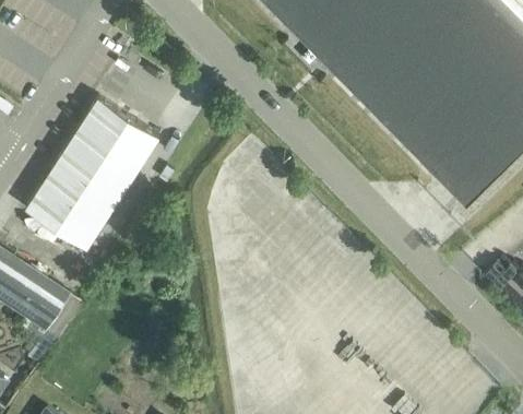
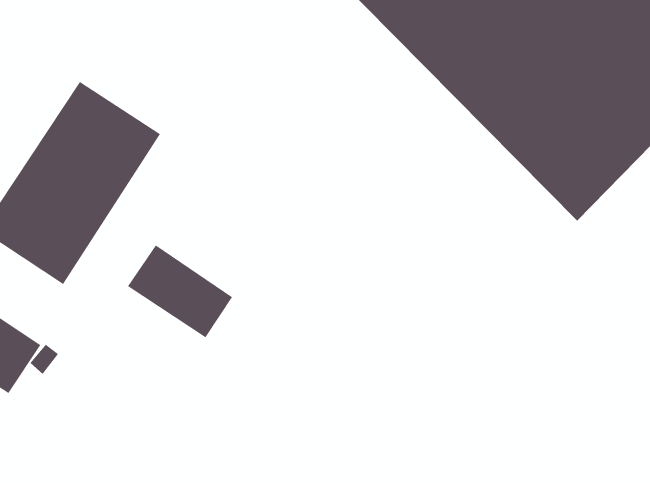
building: none -> [127,245,233,338]

